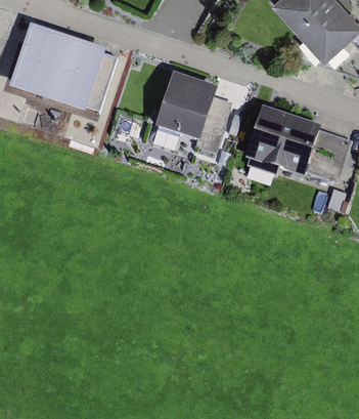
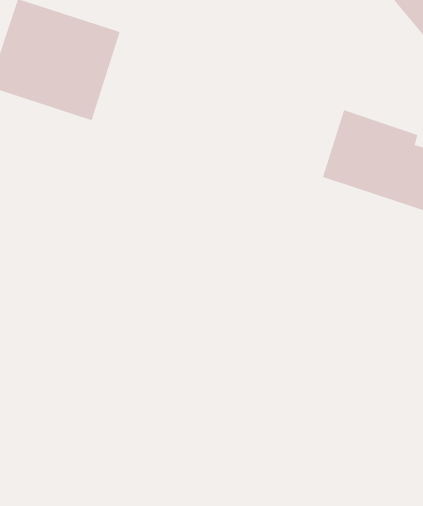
building: [158,75,234,153] -> none

